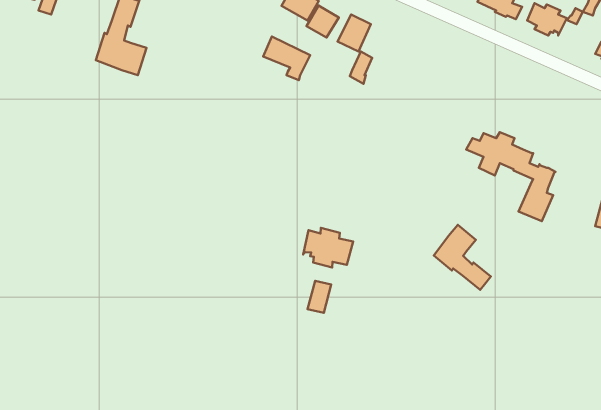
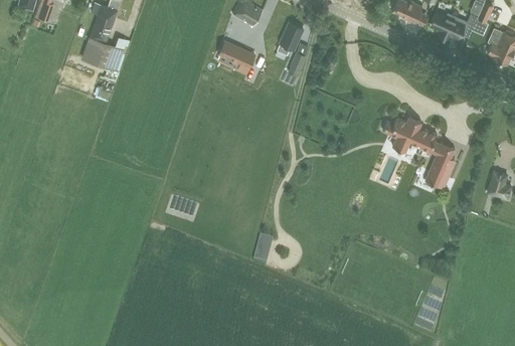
building: [307,5,339,37] -> none
building: [434,225,491,290] -> none
building: [303,228,353,267] -> none

